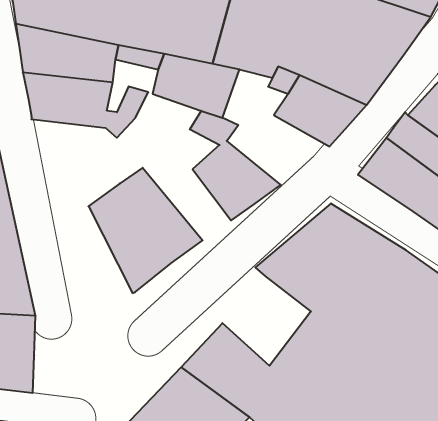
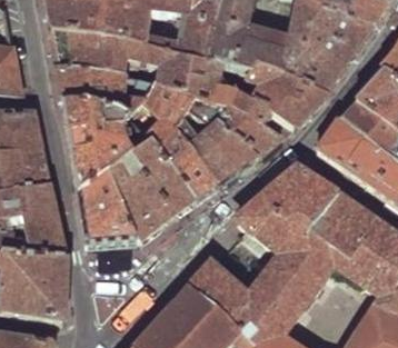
building: none -> [143,83,218,199]
building: none -> [215,92,295,156]
building: none -> [62,105,141,246]

